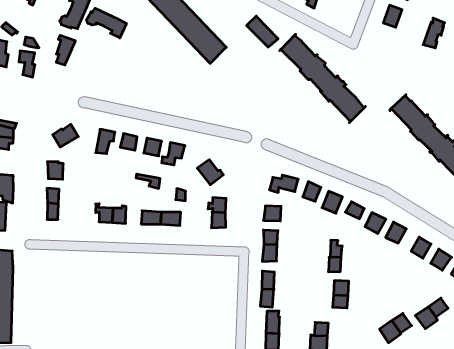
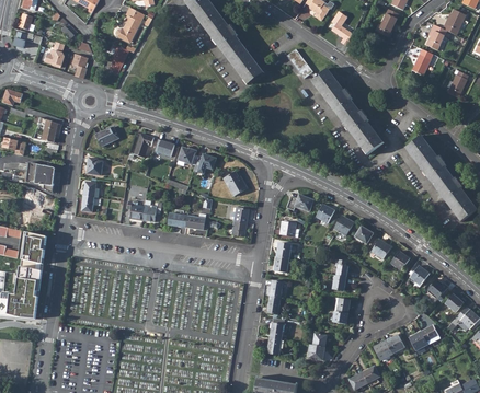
building: [86,8,126,38] -> none

